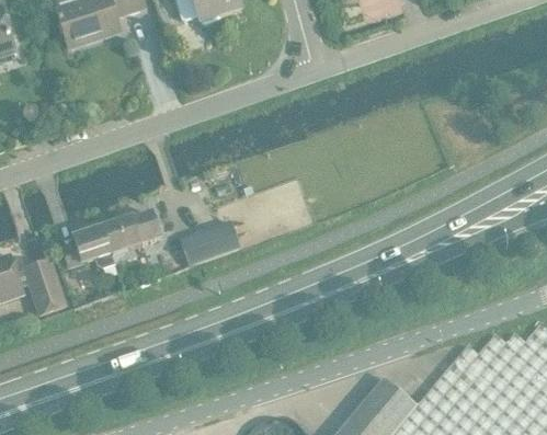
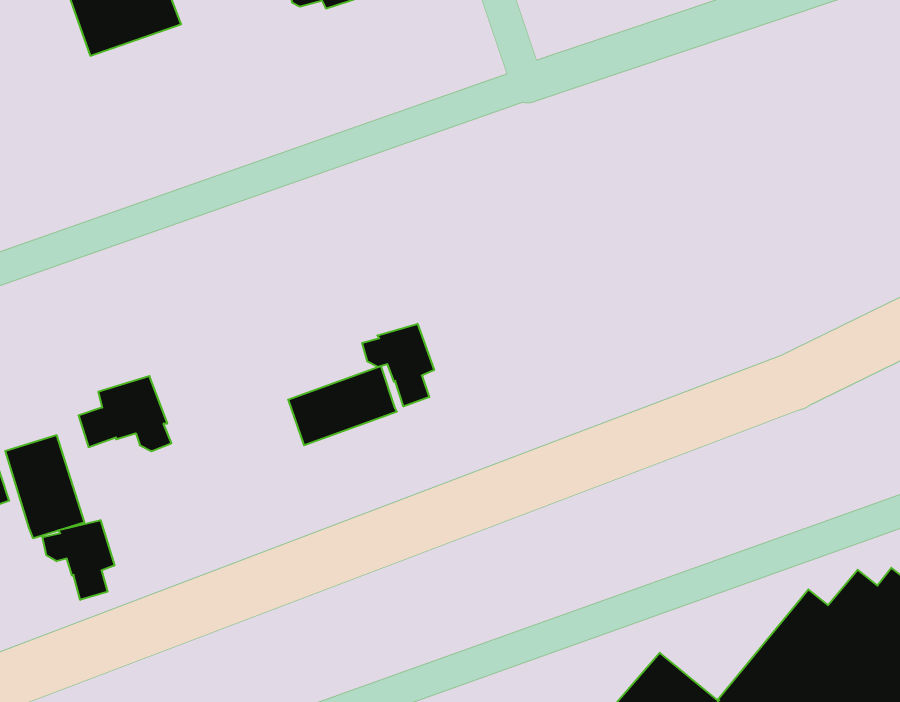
building: none -> [362,324,434,406]
building: [103,215,155,251] -> none
building: none -> [42,520,114,600]

